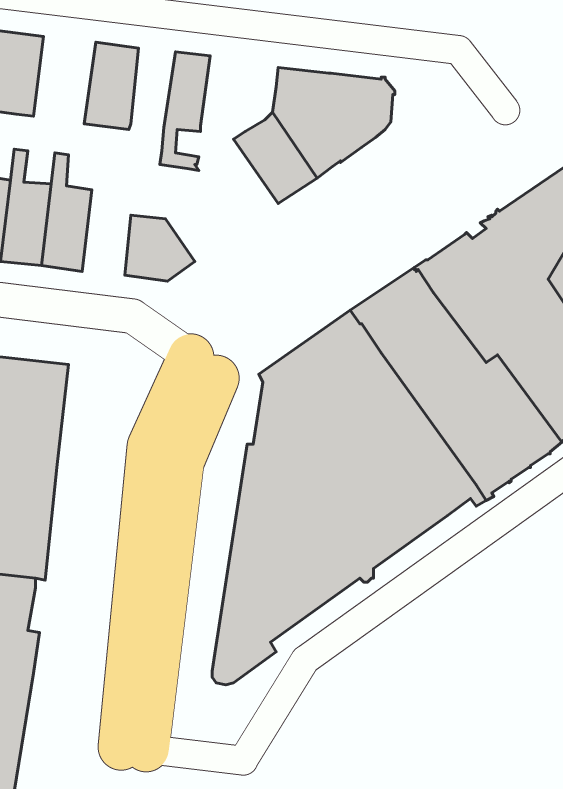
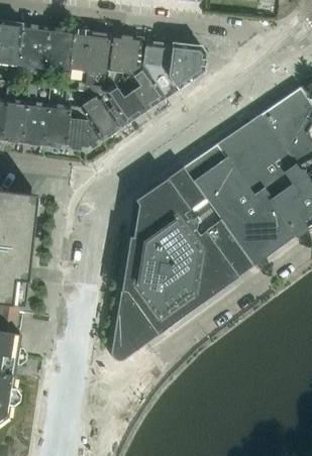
building: none -> [18,24,50,70]
building: none -> [69,30,92,72]
building: none -> [105,34,142,74]
building: none -> [102,78,145,125]
building: none -> [43,88,71,148]
building: none -> [79,93,121,141]

